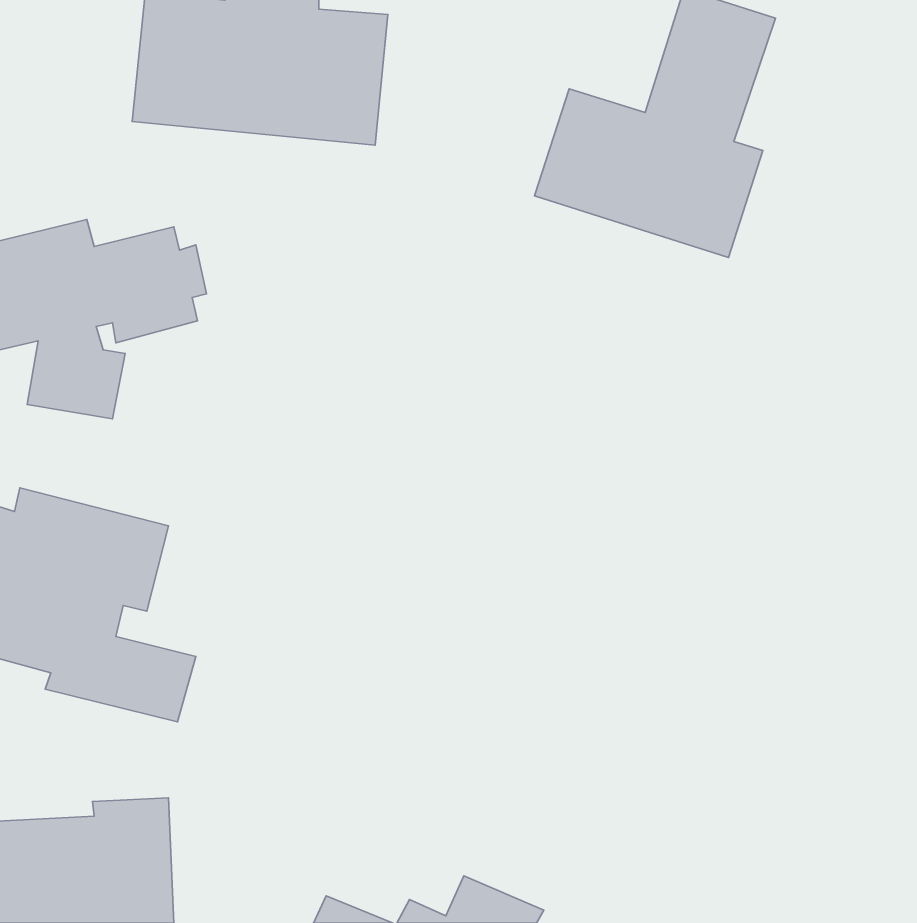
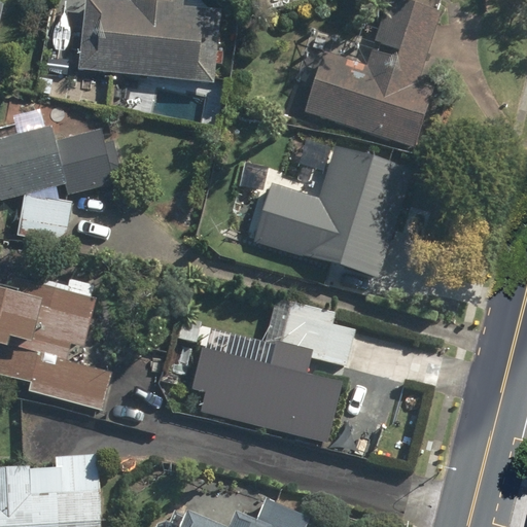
building: none -> [254,144,412,278]
building: none -> [190,301,353,444]

